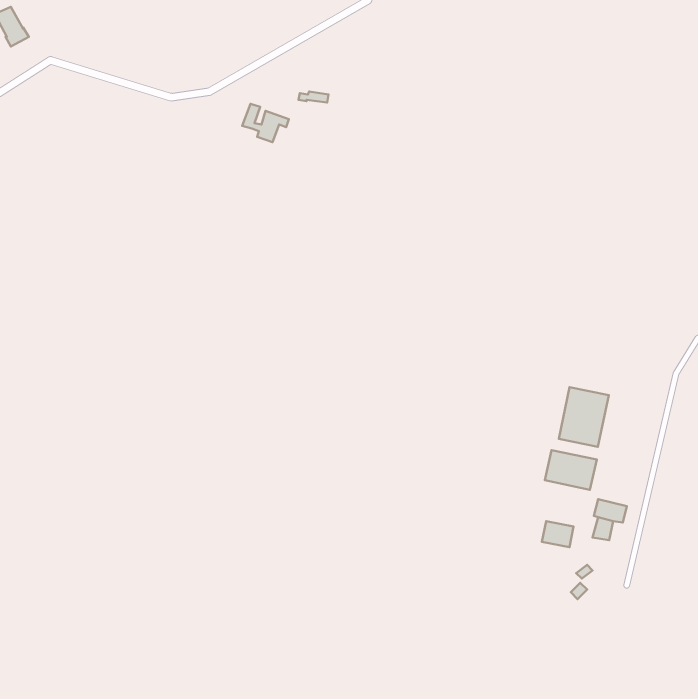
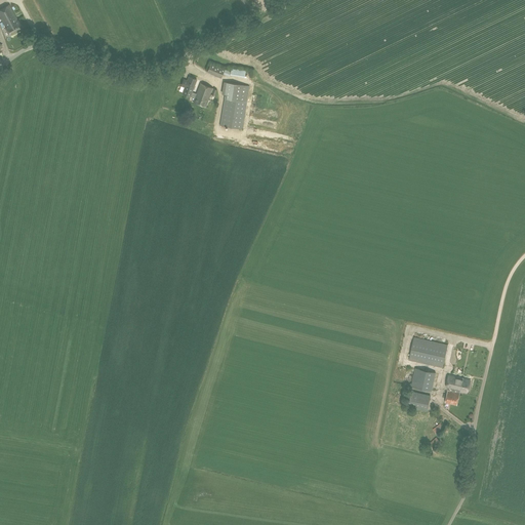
building: none -> [218,82,248,129]
building: [559,387,609,447] -> none
building: none -> [410,368,435,391]

